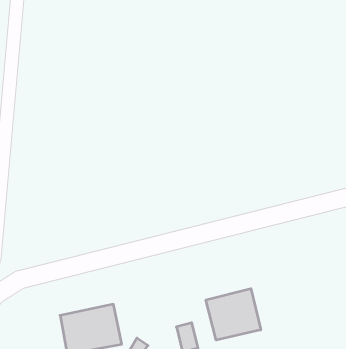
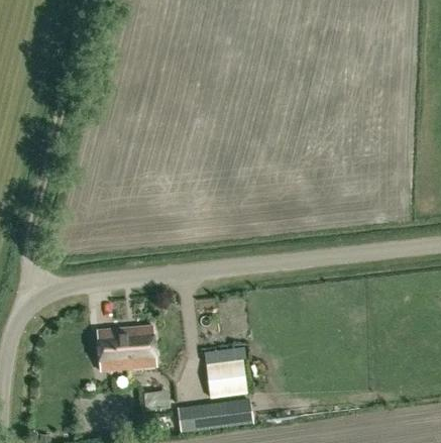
building: [206,289,261,340] -> none

